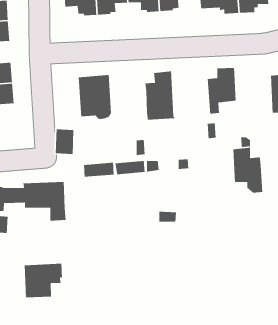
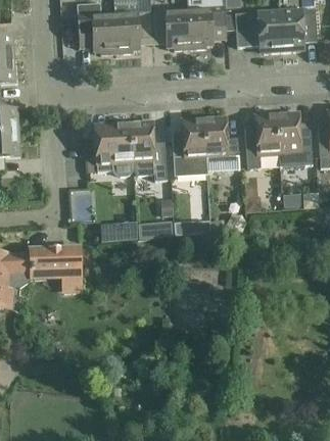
building: none -> [203,116,239,170]
building: none -> [131,120,167,180]
building: [233,147,263,193] -> [277,111,313,165]
building: [24,263,63,298] -> none

